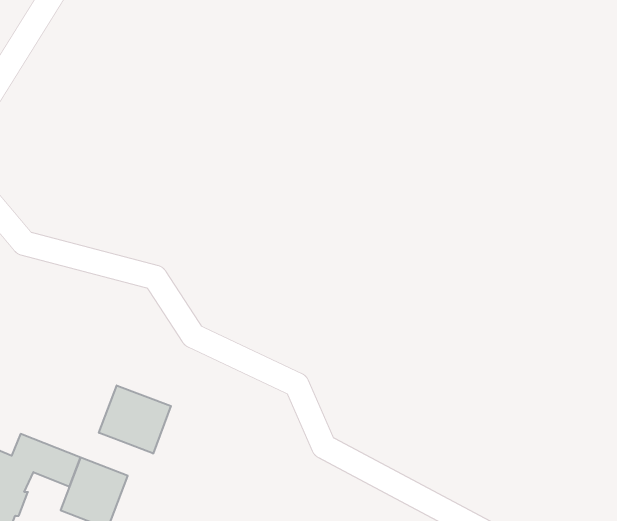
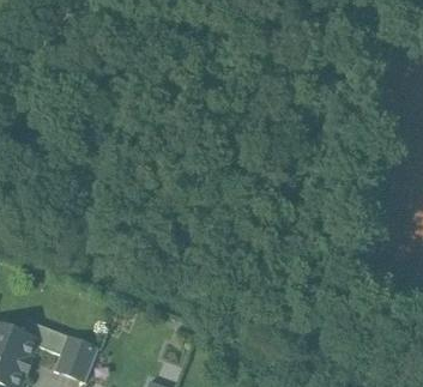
building: [99,385,171,454] -> none

